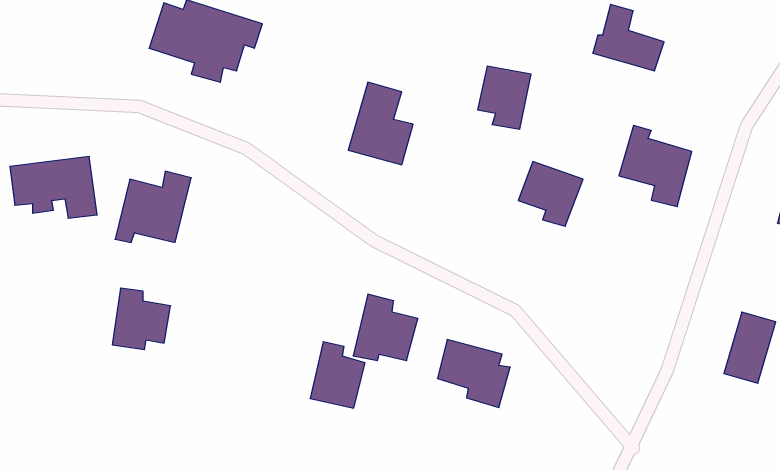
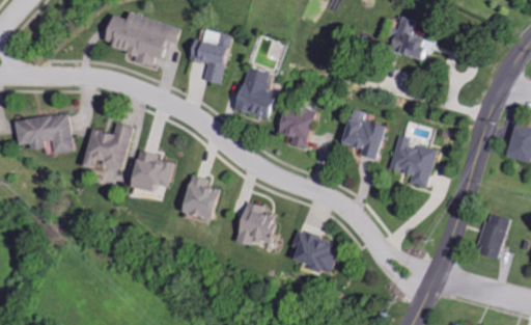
building: none -> [188,29,231,84]
building: [478,66,531,129] -> [279,106,313,146]
building: [619,126,692,207] -> [387,135,434,187]
building: [112,288,171,350] -> [134,151,171,190]
building: [310,342,365,408] -> [185,175,220,218]

